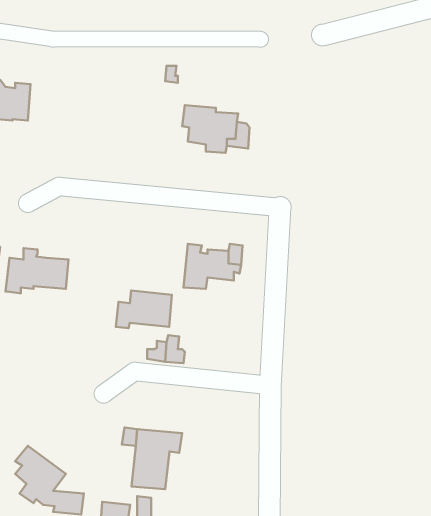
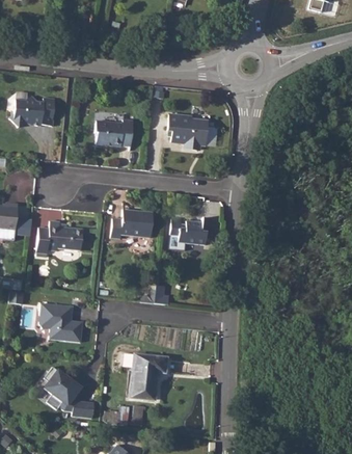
building: none -> [96,119,133,146]
building: [116,290,172,328] -> [111,210,153,238]
building: none -> [37,302,83,342]

